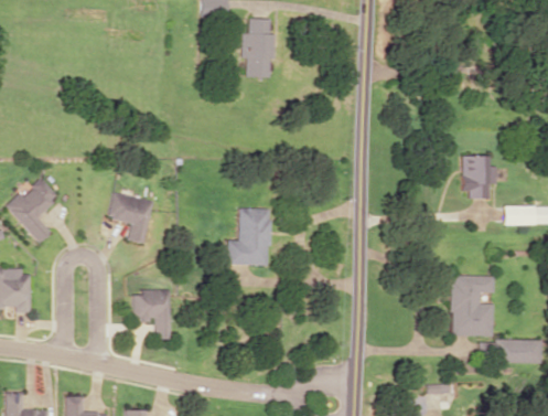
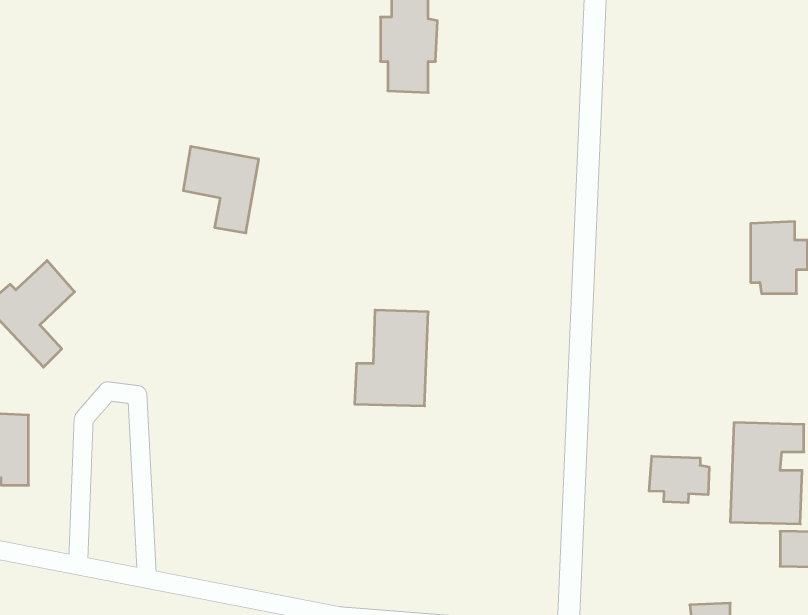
building: [109,192,154,244] -> [183,146,259,233]
building: [133,290,172,339] -> none
building: none -> [649,456,709,503]

